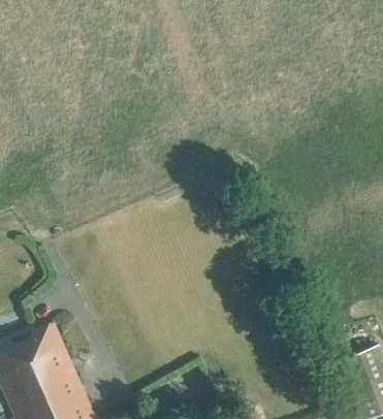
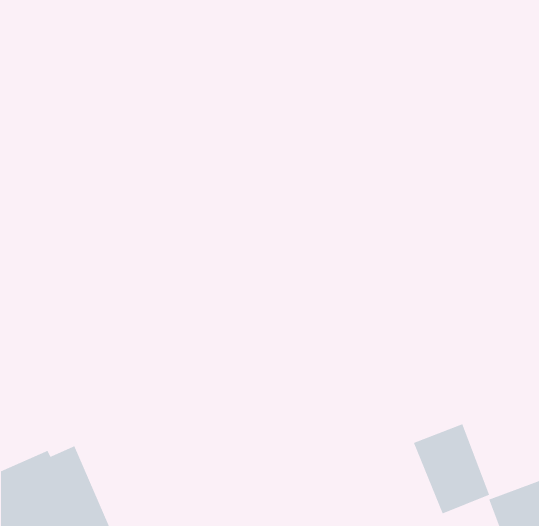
building: none -> [413,423,490,515]

